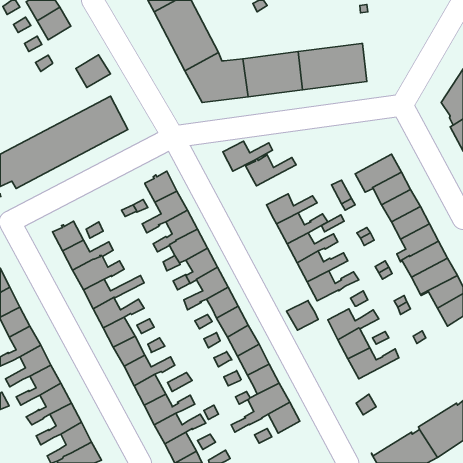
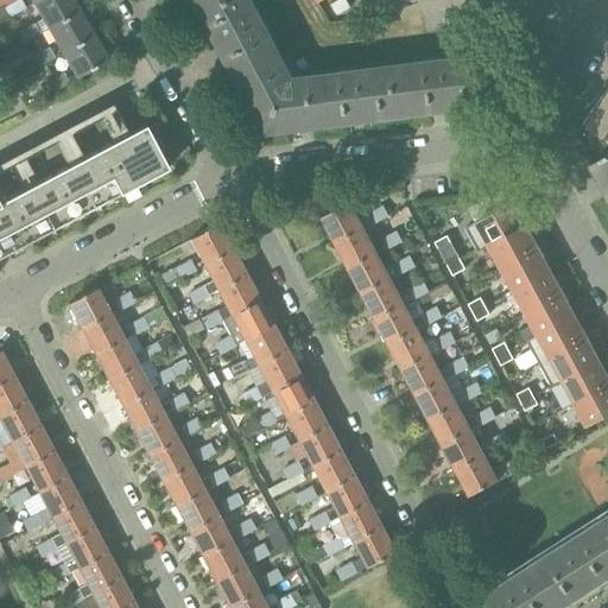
building: [76,55,110,87] -> [63,34,108,77]
building: [223,141,273,171] -> [336,229,401,268]
building: [287,300,318,330] -> [416,380,457,419]

